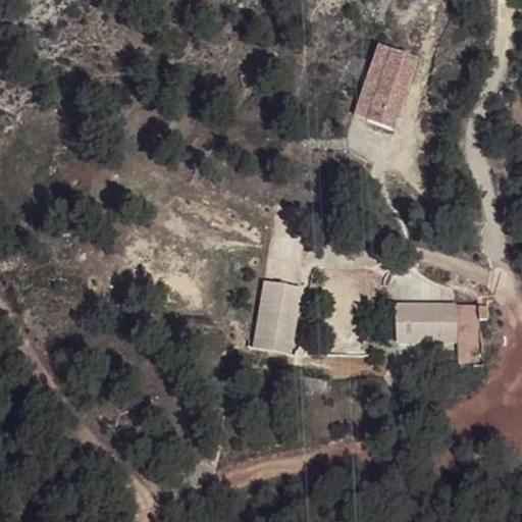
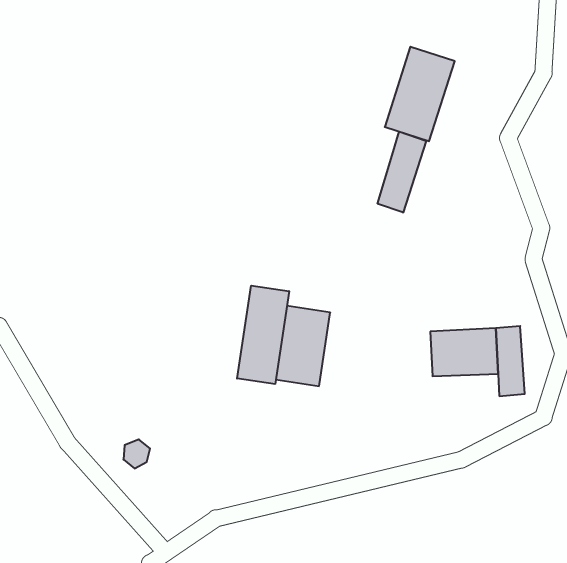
building: none -> [378,132,426,213]
building: none -> [237,286,289,384]

